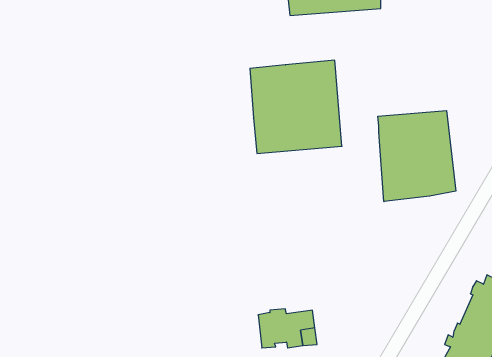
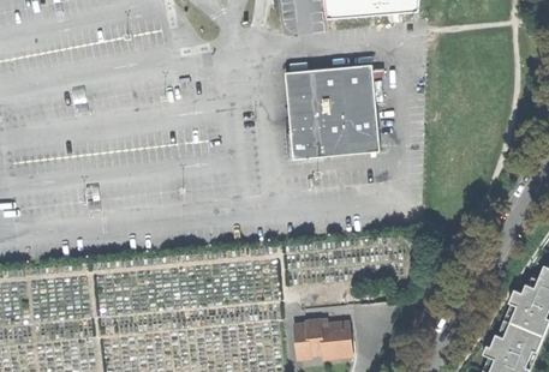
building: [378,111,456,202] -> none

